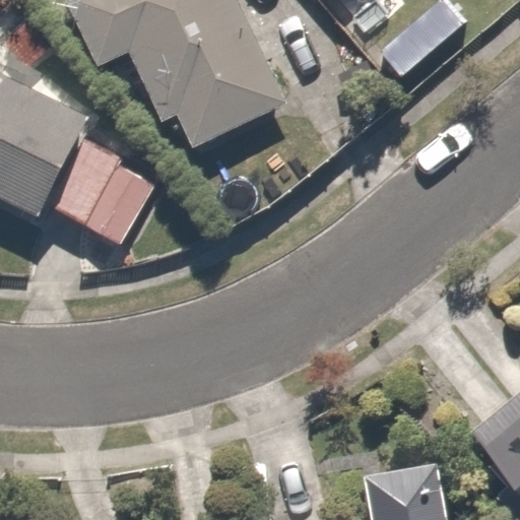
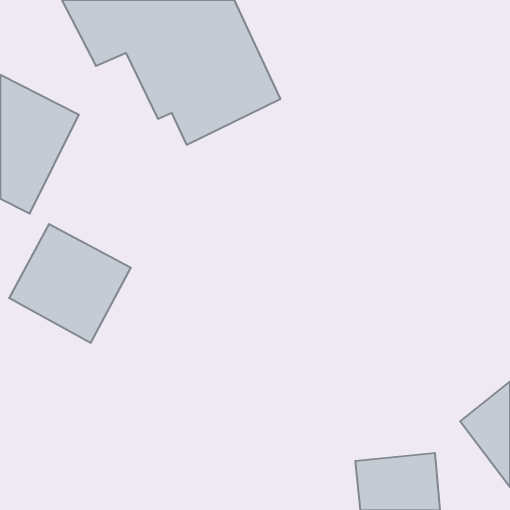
building: [43,135,167,256] -> [9,224,131,343]

